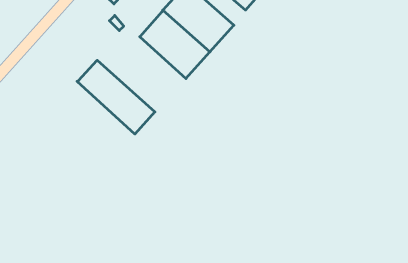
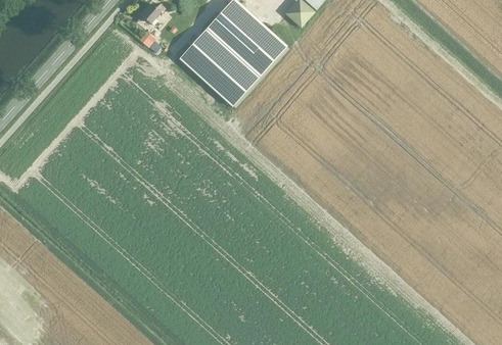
building: [77,60,155,134] -> none

